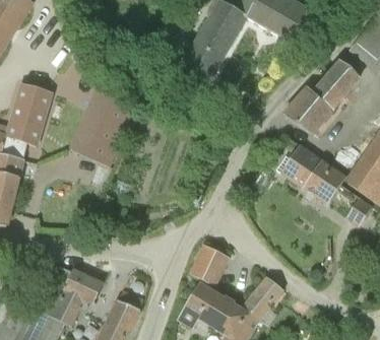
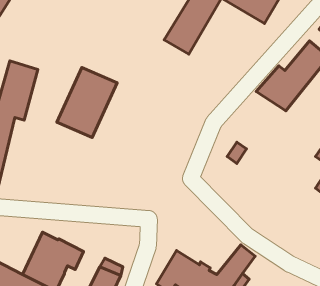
building: [279,146,344,204] -> none
building: [189,245,229,286] -> none

